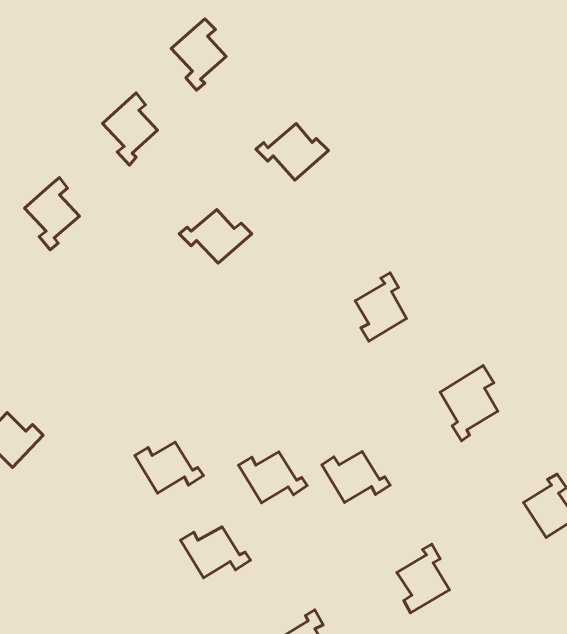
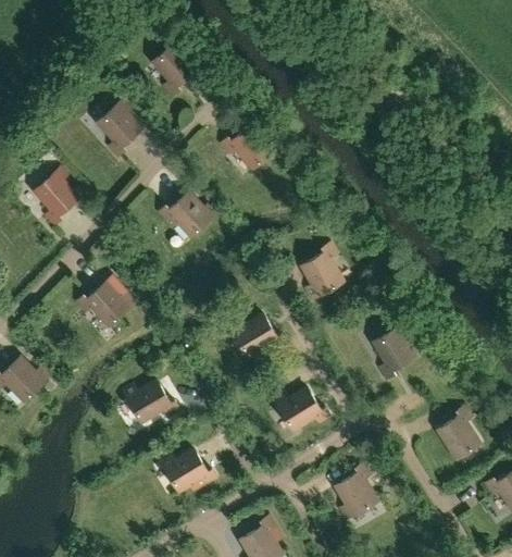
building: none -> [76,282,135,325]
building: [239,452,307,503] -> [229,314,285,356]

